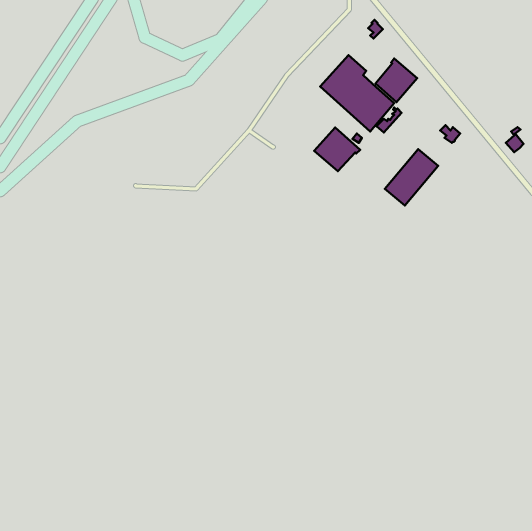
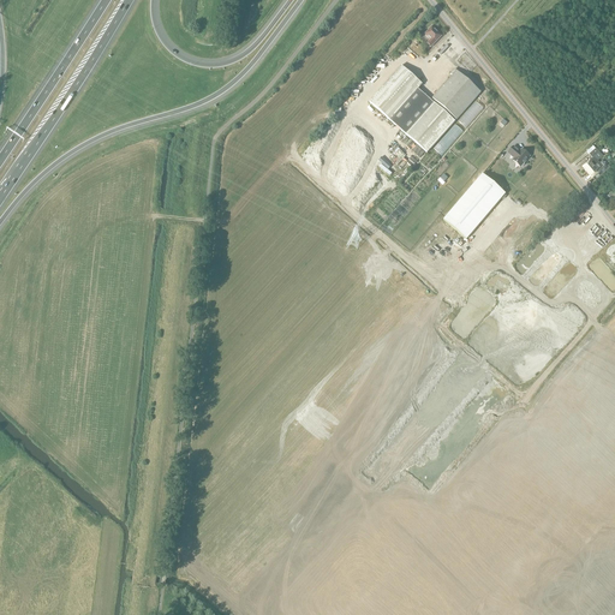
building: [314,128,360,171] -> none

